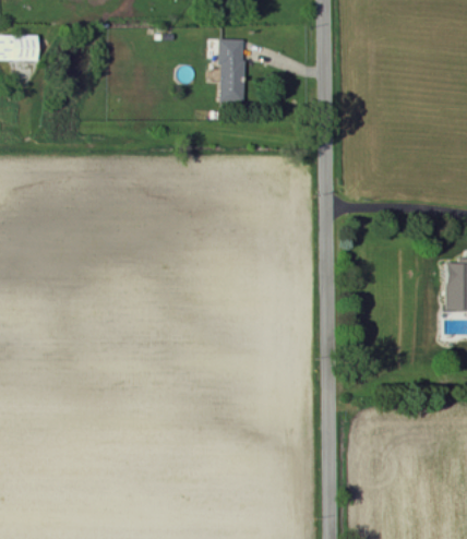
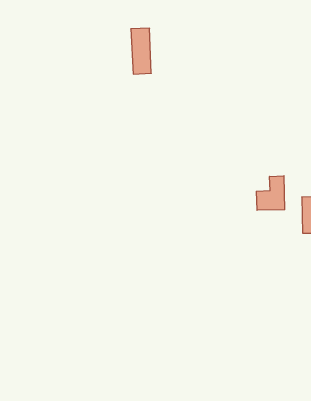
building: none -> [256,176,285,210]

